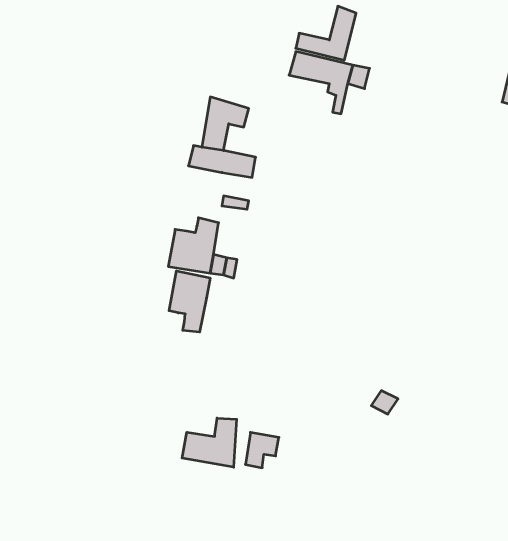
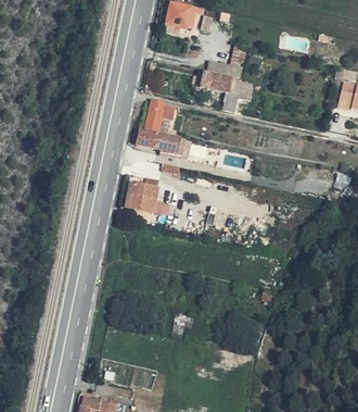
building: [169,271,210,332] -> none
building: [182,418,237,467] -> none

